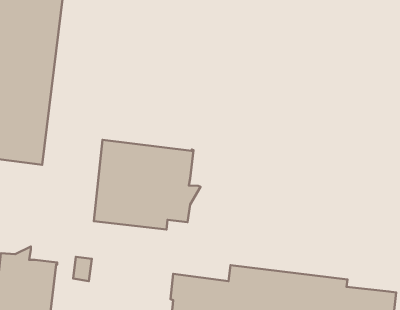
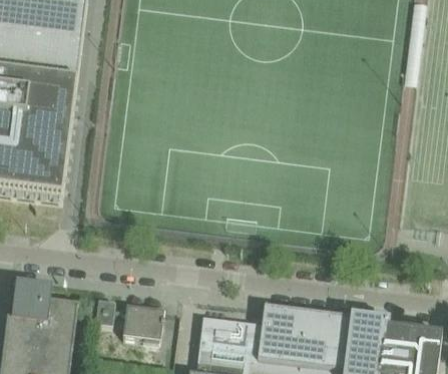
building: [94,140,201,229] -> none
building: none -> [122,302,163,336]

